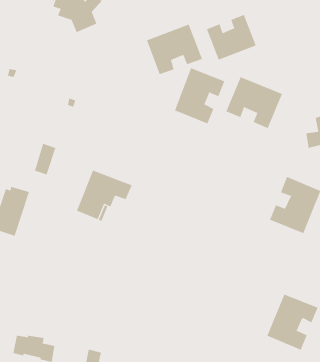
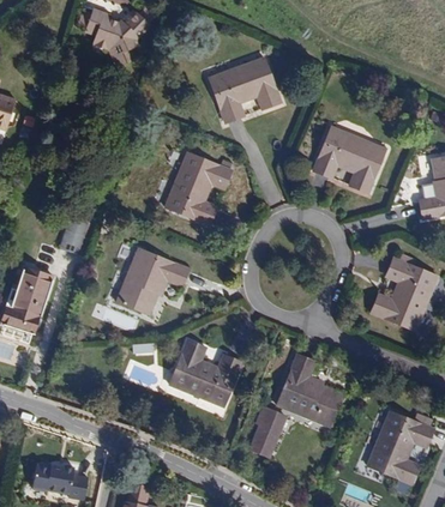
building: [206,14,257,60] -> none
building: [174,68,225,124] -> [164,151,231,225]
building: none -> [168,338,242,406]
building: none -> [276,352,343,427]
building: none -> [248,405,285,458]

